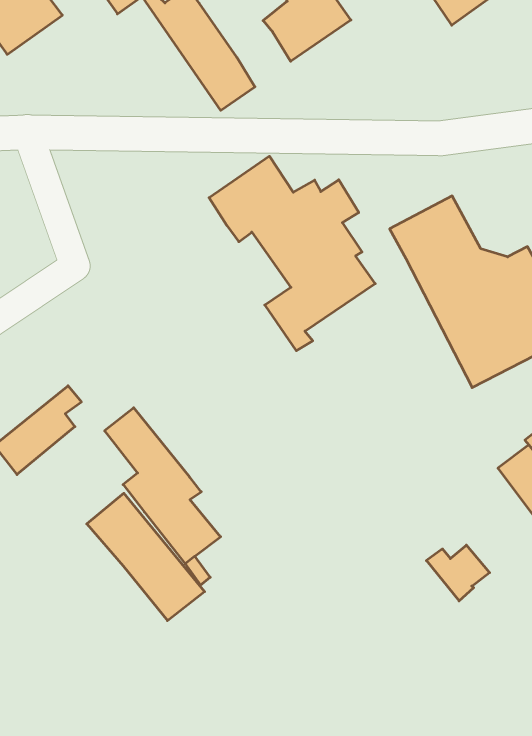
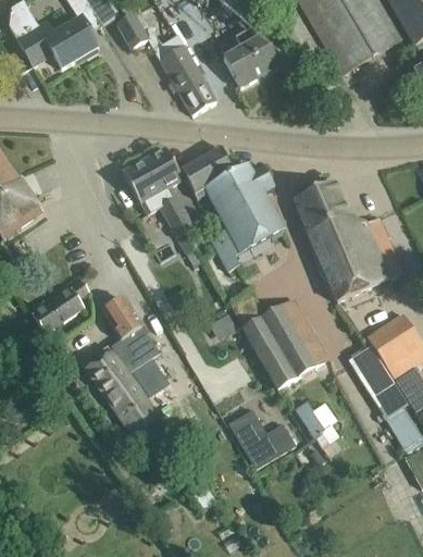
building: none -> [122,147,204,264]
building: none -> [229,292,328,388]
building: none -> [228,409,295,469]

